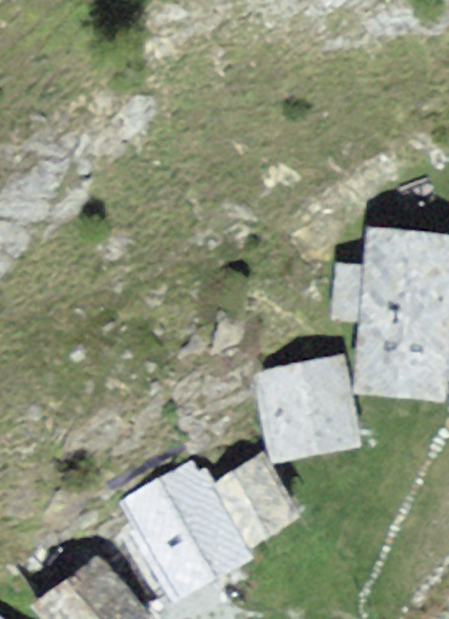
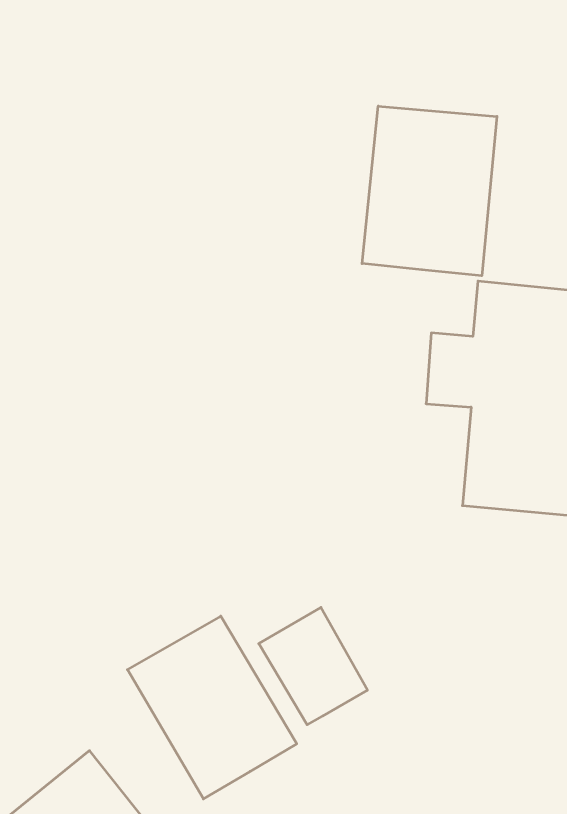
building: none -> [362,106,497,276]
building: [260,359,353,456] -> none

